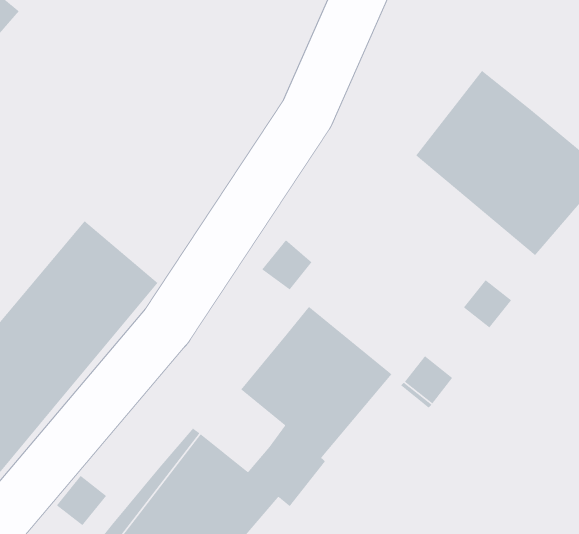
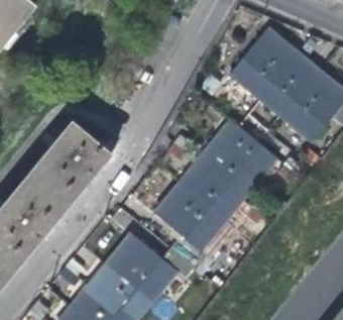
building: none -> [230,29,283,89]
building: none -> [192,120,275,205]

